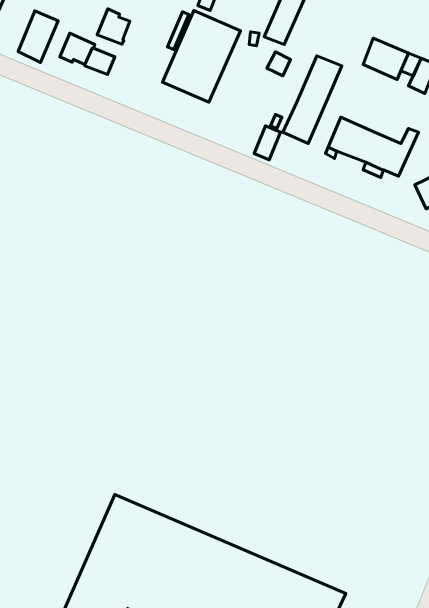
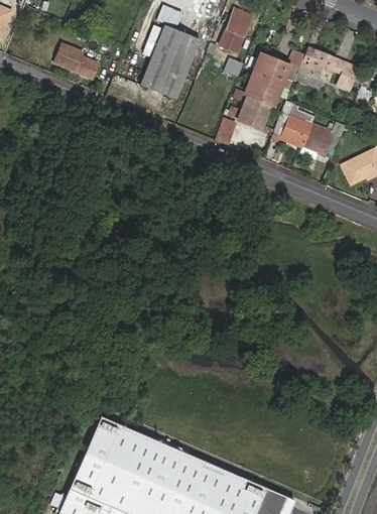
building: [97,9,130,44] -> none
building: [18,11,58,63] -> none
building: none -> [241,54,289,109]

